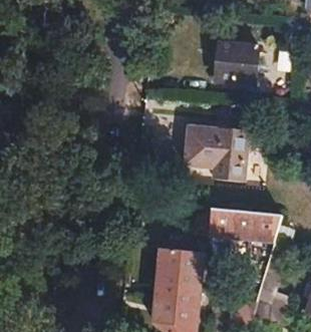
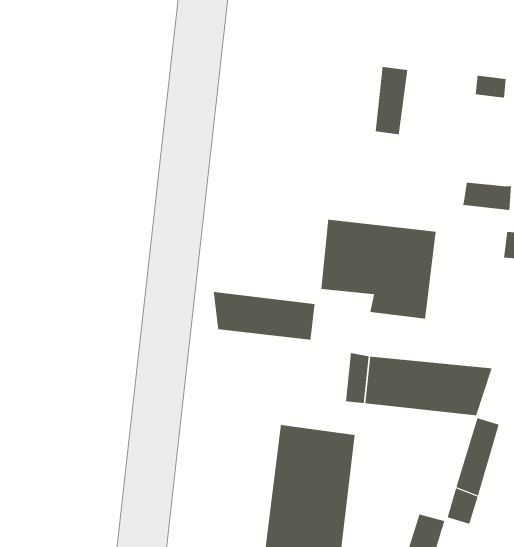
building: [229,45,258,84] -> none
building: none -> [213,291,315,340]

